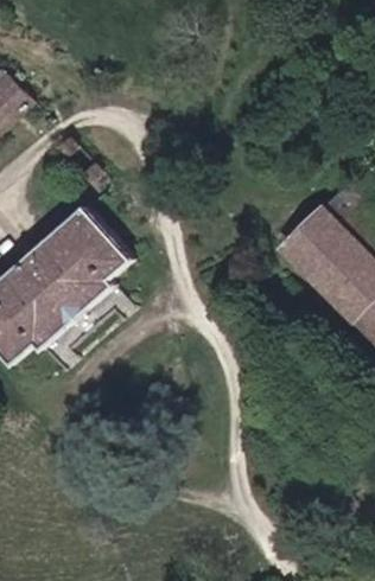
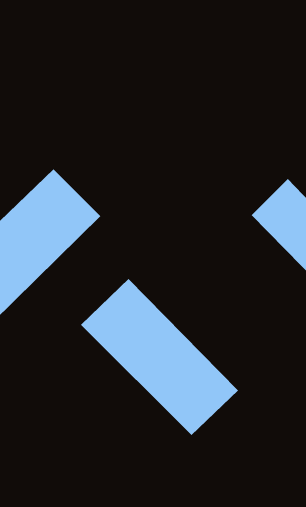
building: none -> [80,278,239,436]

